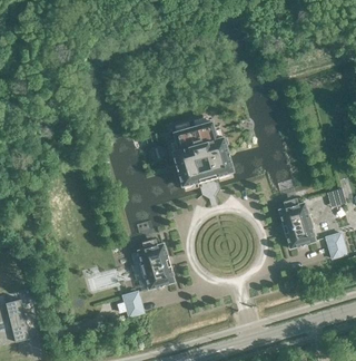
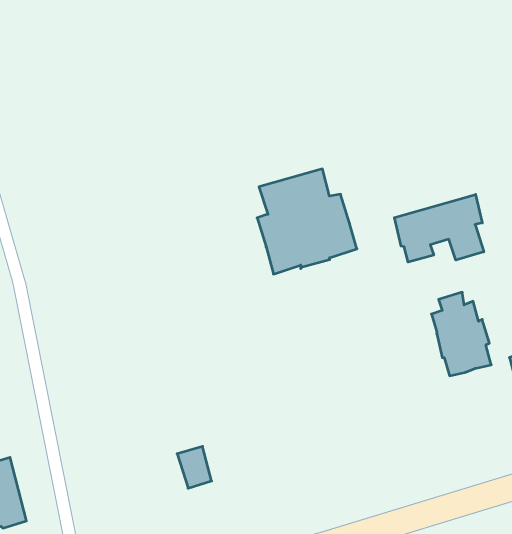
building: none -> [394,194,484,262]
building: [137,238,174,290] -> none

